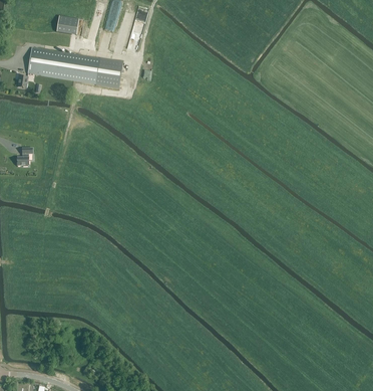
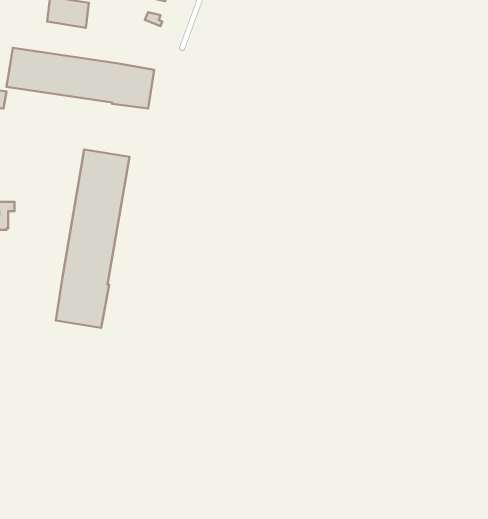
building: none -> [56,150,129,328]

